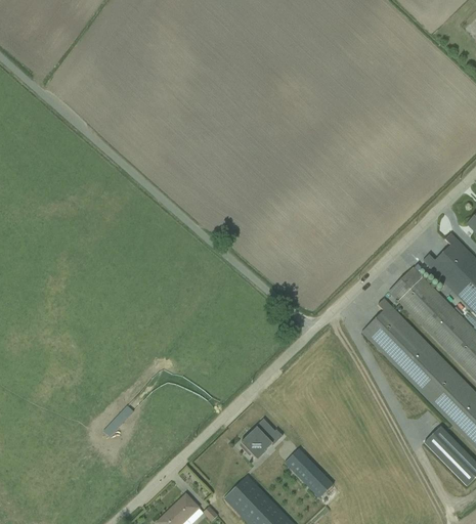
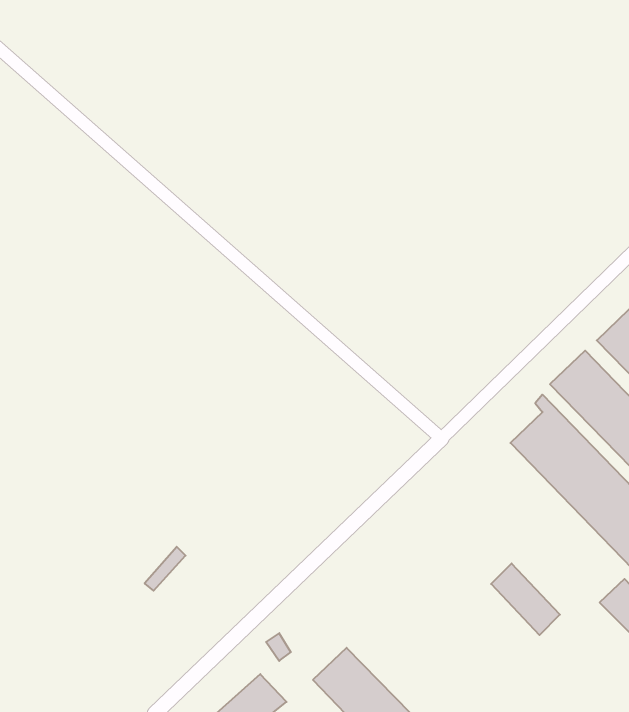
building: [236,418,282,460] -> none
building: [285,448,333,498] -> [491,563,560,635]

